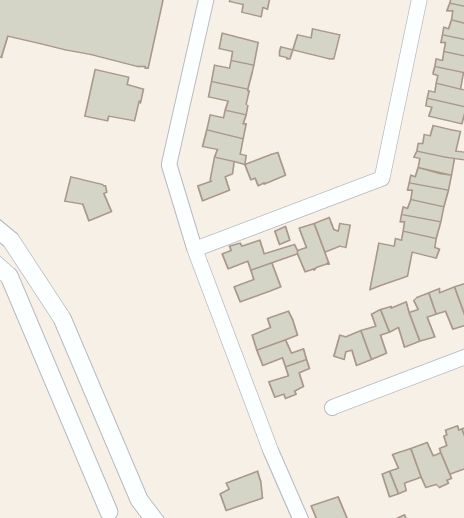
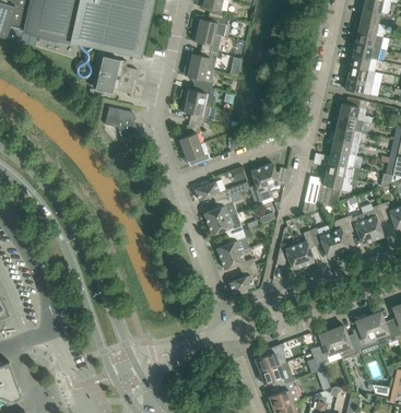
building: [293,29,340,59] -> [194,15,228,37]
building: [245,153,285,186] -> [180,143,210,167]
building: [65,177,111,221] -> [105,108,139,140]
building: none -> [208,214,243,237]
building: [220,471,263,510] -> [255,344,285,373]

